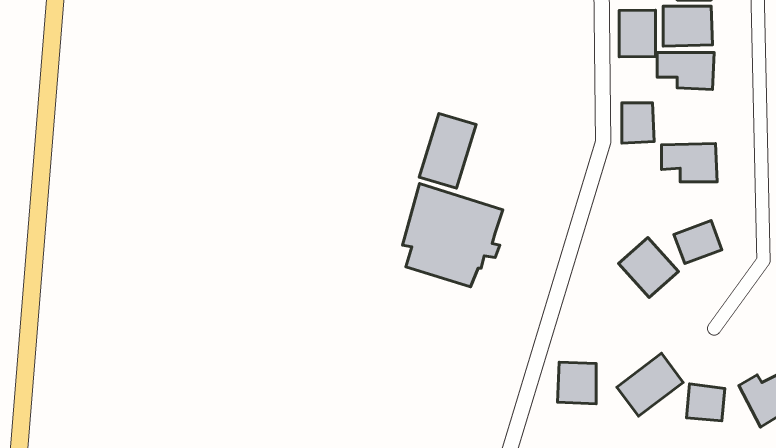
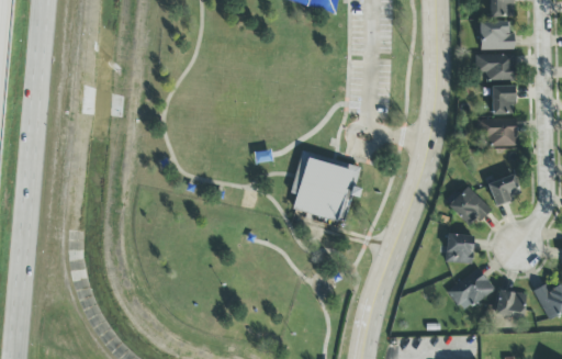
building: [619,10,655,57] -> none
building: [622,103,654,143] -> [492,86,515,114]
building: [419,114,476,188] -> none
building: [558,362,596,404] -> [446,234,473,263]

